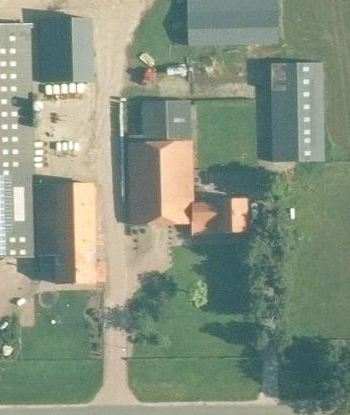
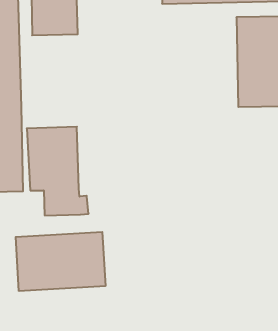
building: [129,100,248,233] -> none
building: none -> [16,232,105,291]

